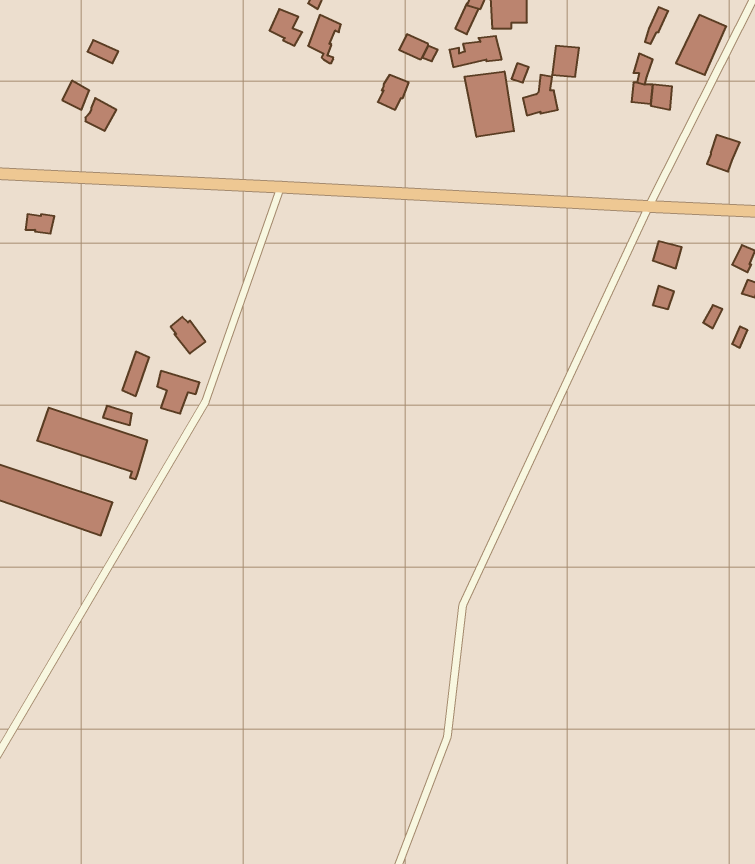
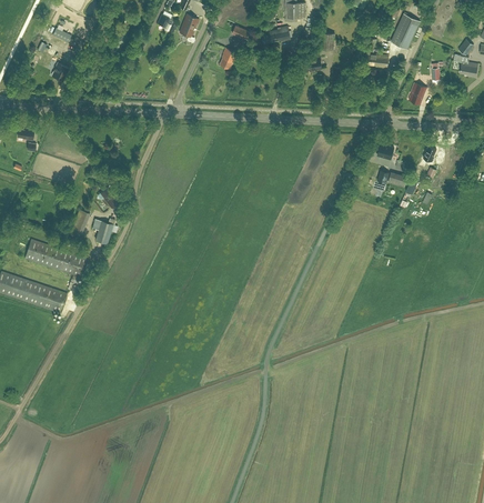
building: [465,71,514,137] -> none

